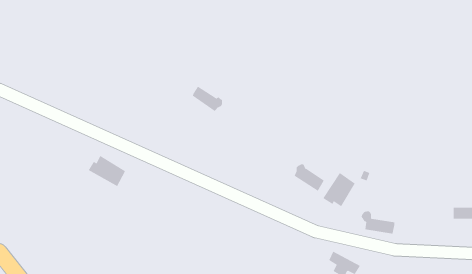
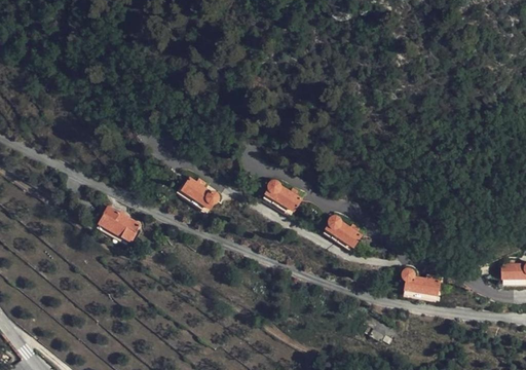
building: [192,86,223,112] -> [183,179,217,208]
building: none -> [265,181,300,210]
building: [323,172,356,207] -> none

